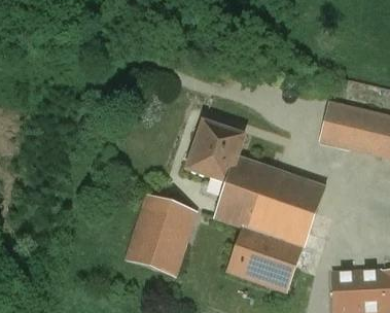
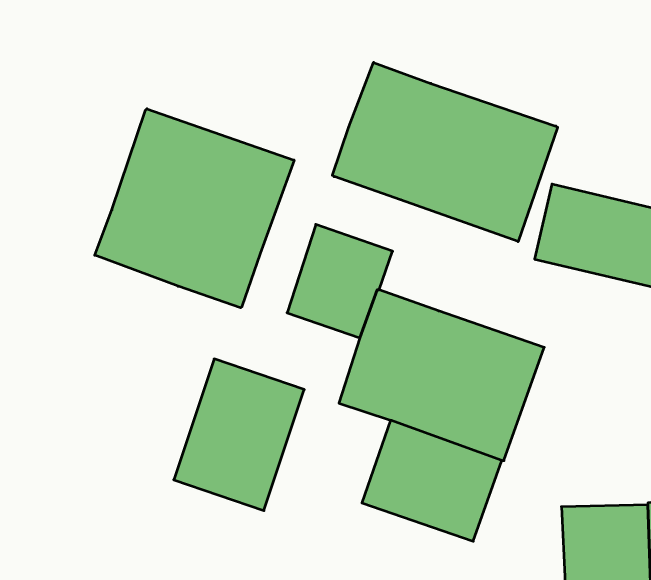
building: none -> [332,62,558,242]
building: none -> [95,109,294,308]

